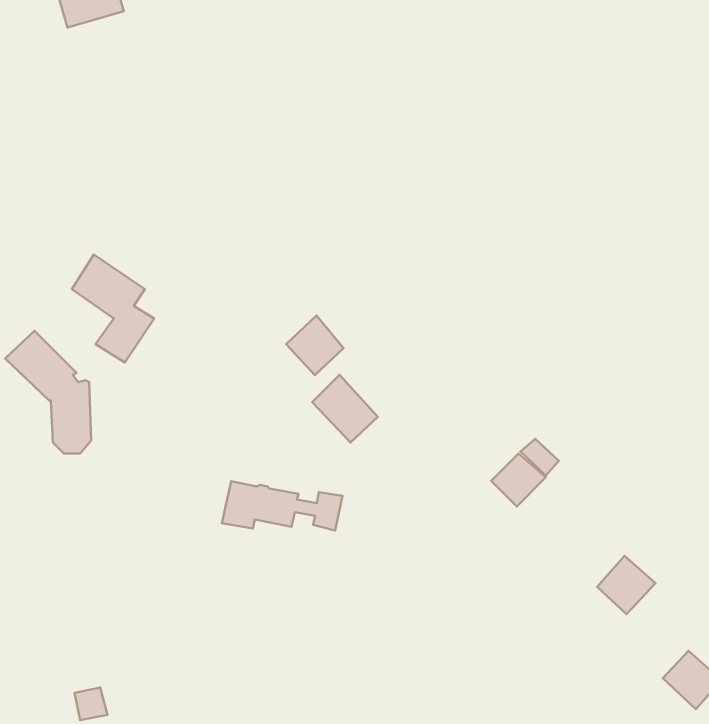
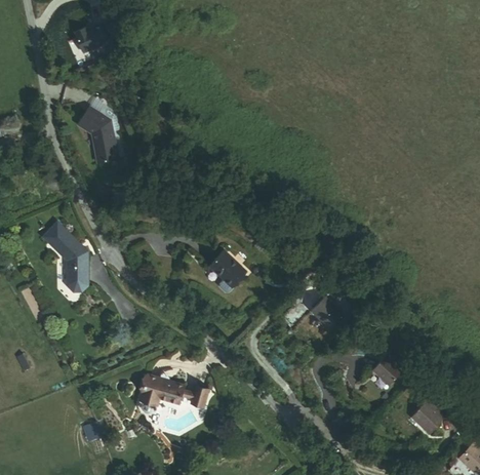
building: [72,255,154,362] -> [73,106,119,166]
building: [286,316,343,375] -> none
building: [222,481,342,530] -> [139,380,207,407]

